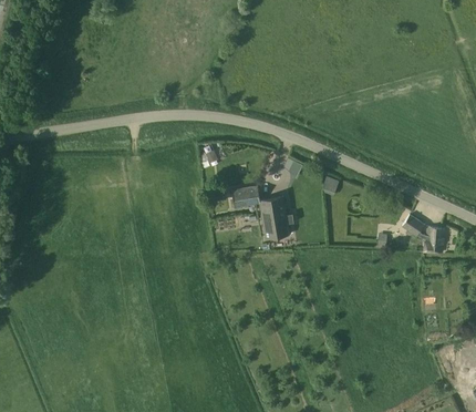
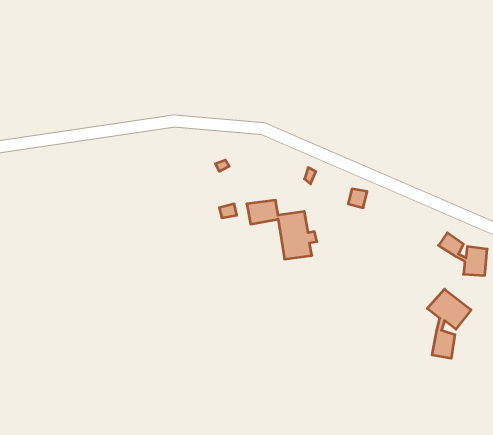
building: none -> [427,289,471,358]

